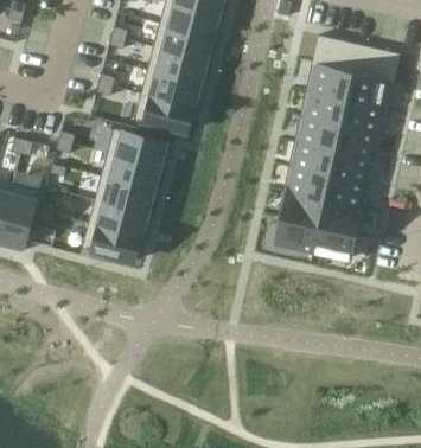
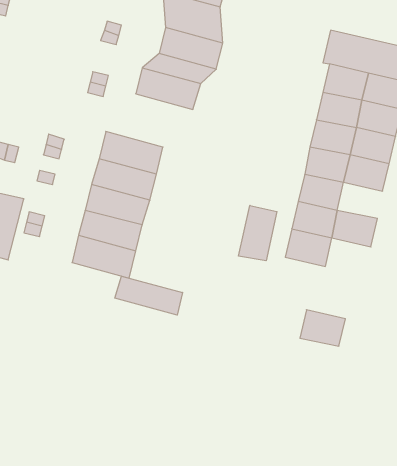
building: [134,95,192,134] -> none
building: [324,175,365,209] -> none
building: none -> [239,205,277,261]
building: [313,226,355,260] -> [300,310,345,346]
building: none -> [115,276,183,315]

